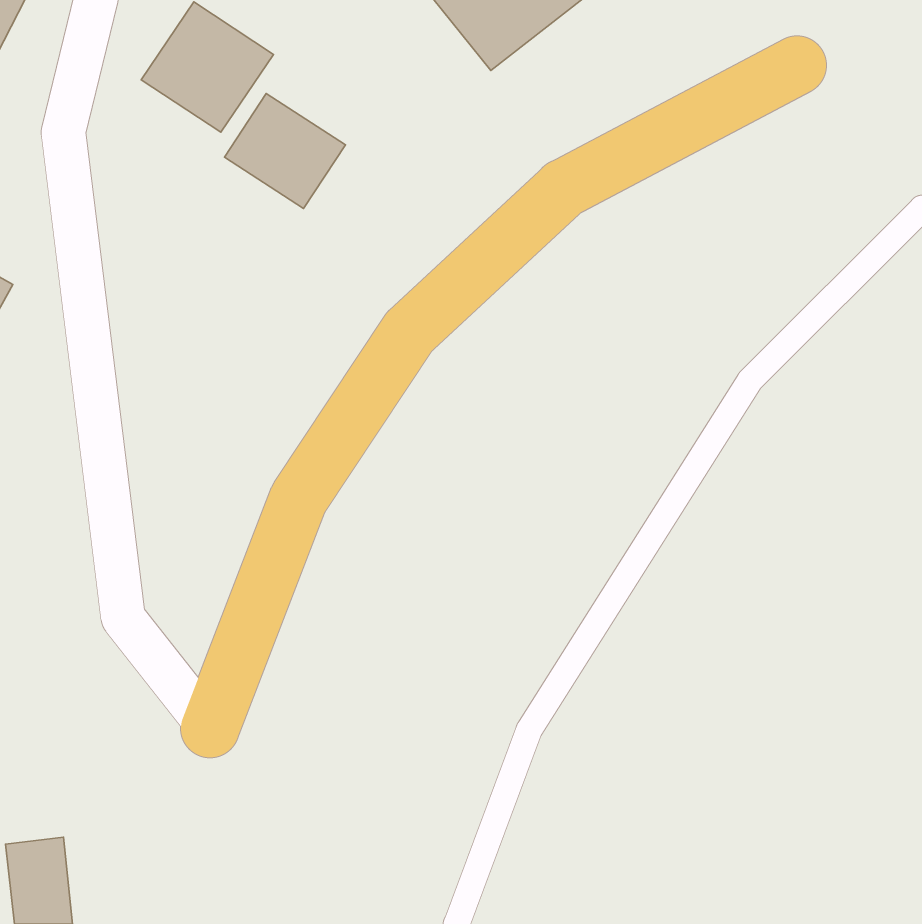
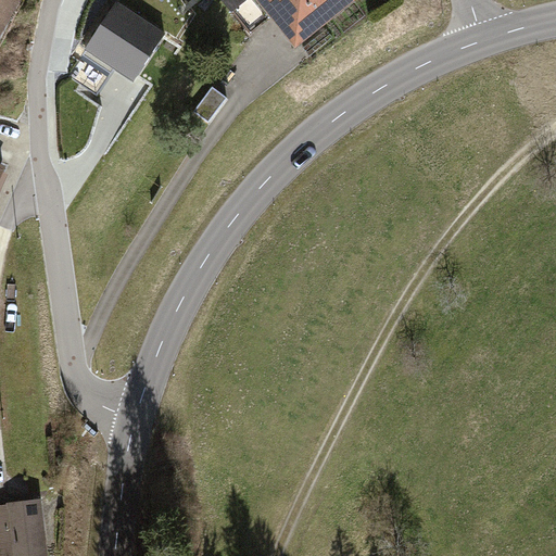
building: [224,94,346,208] -> none

